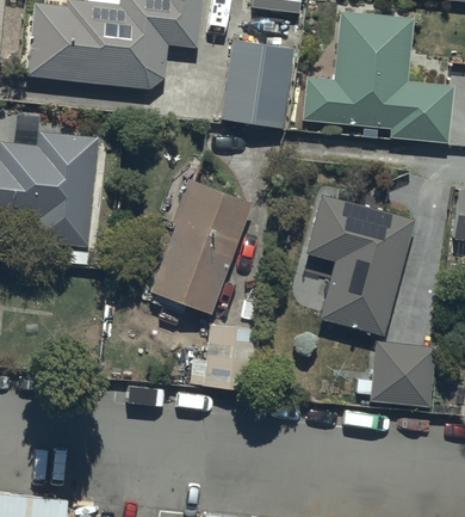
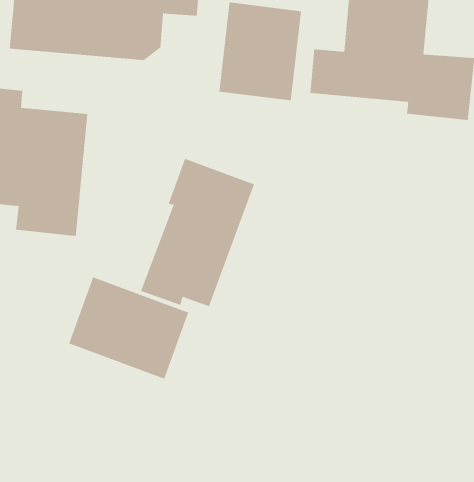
building: [305,193,415,333] -> none
building: none -> [69,276,189,380]
building: [370,339,435,404] -> none

